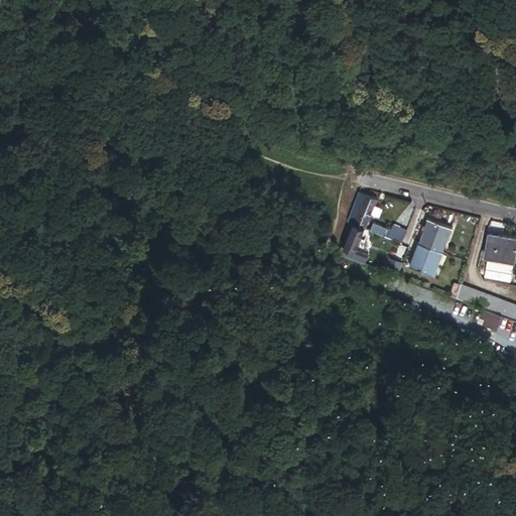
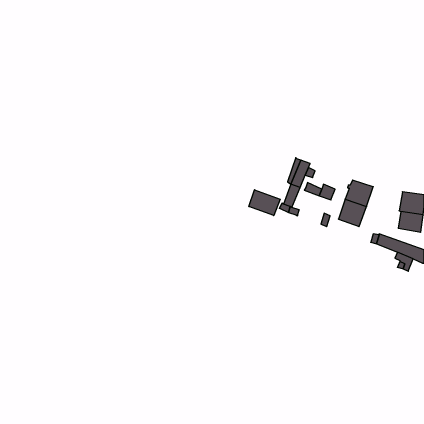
building: none -> [249,190,280,216]

